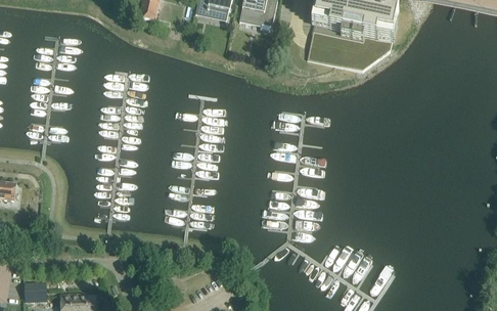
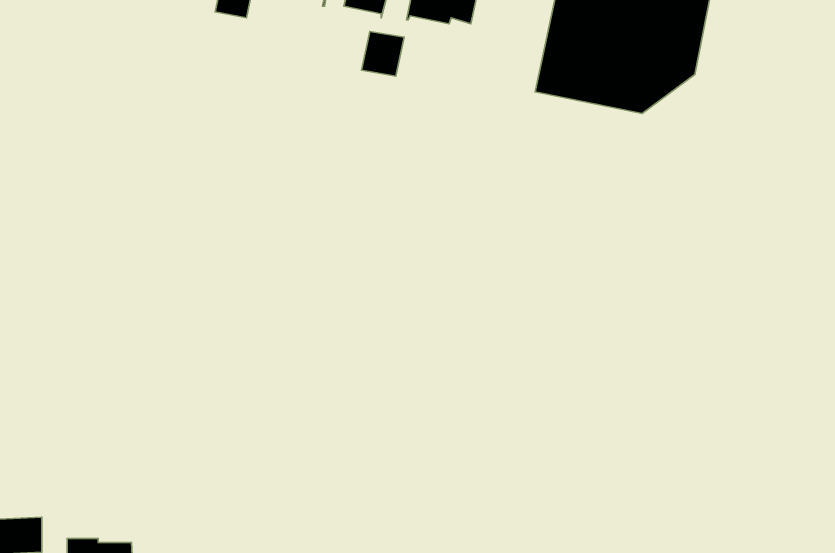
building: none -> [362,31,404,76]

